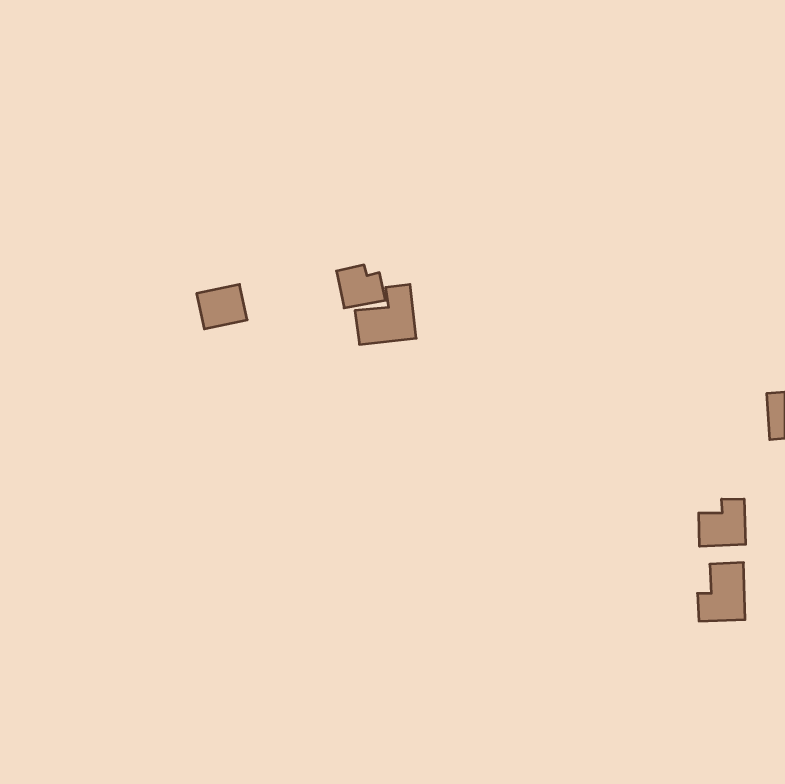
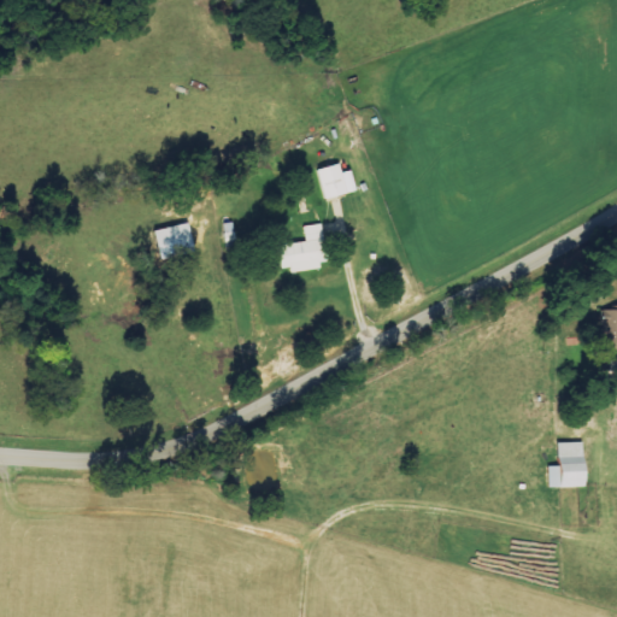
building: [336,265,386,308] -> [317,164,355,198]
building: [699,499,746,546] -> none

